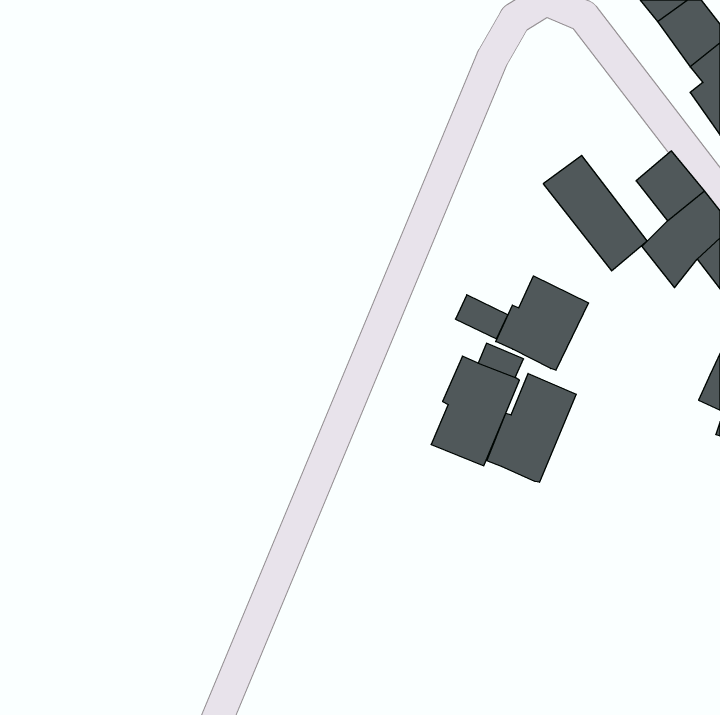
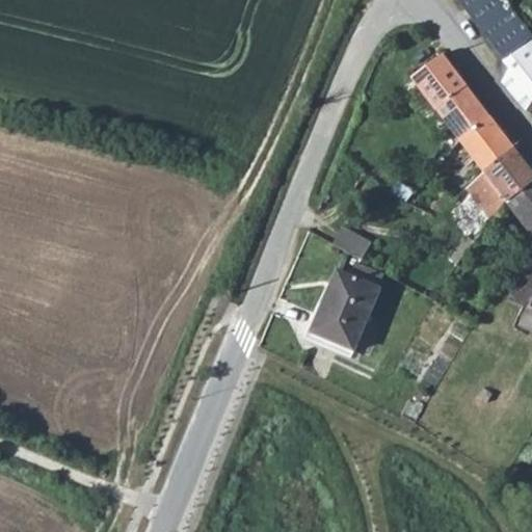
building: [543,155,647,271] -> [415,57,490,141]
building: [496,276,588,370] -> none
building: [487,373,576,482] -> none

